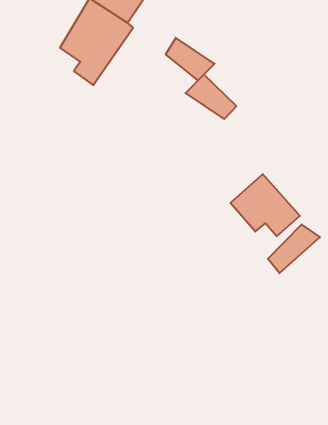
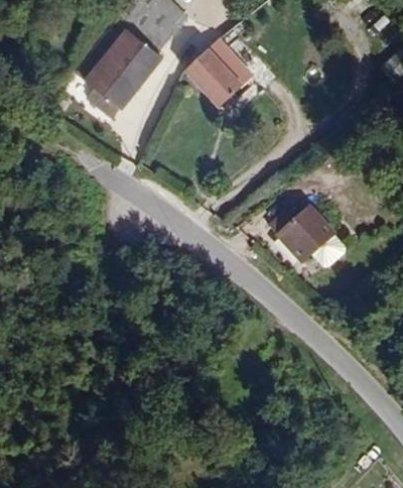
building: [185,74,236,119] -> [208,42,263,91]
building: [268,224,320,273] -> none

